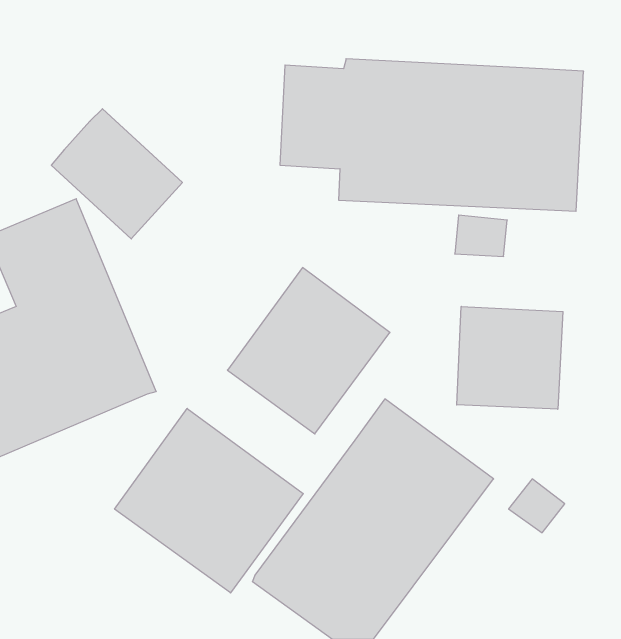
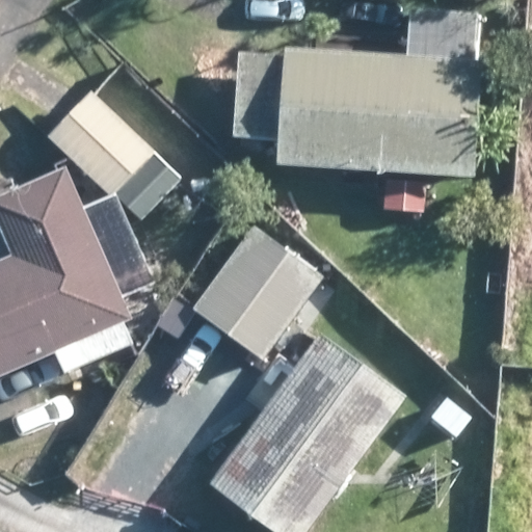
building: [457,306,563,409] -> none
building: [115,408,303,593] -> none

